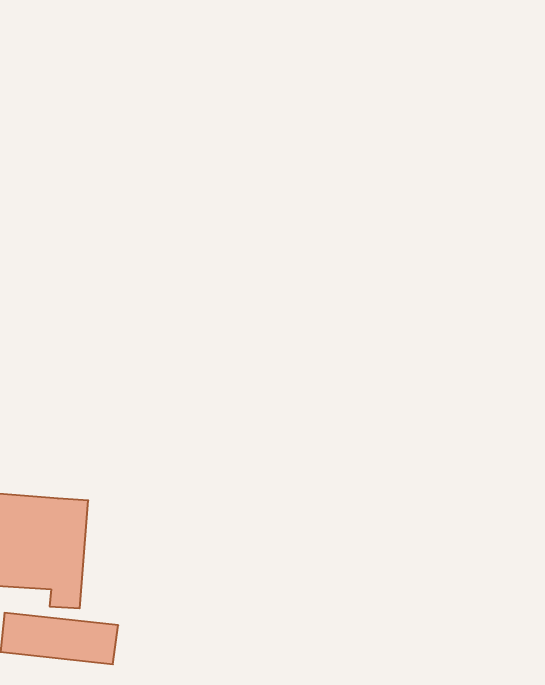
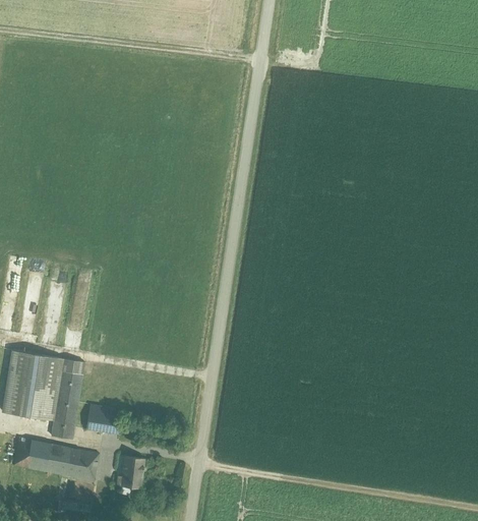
building: none -> [84,411,121,433]
building: none -> [115,455,143,487]

